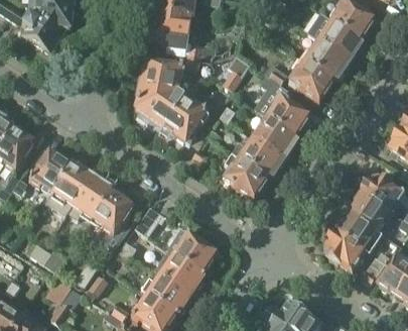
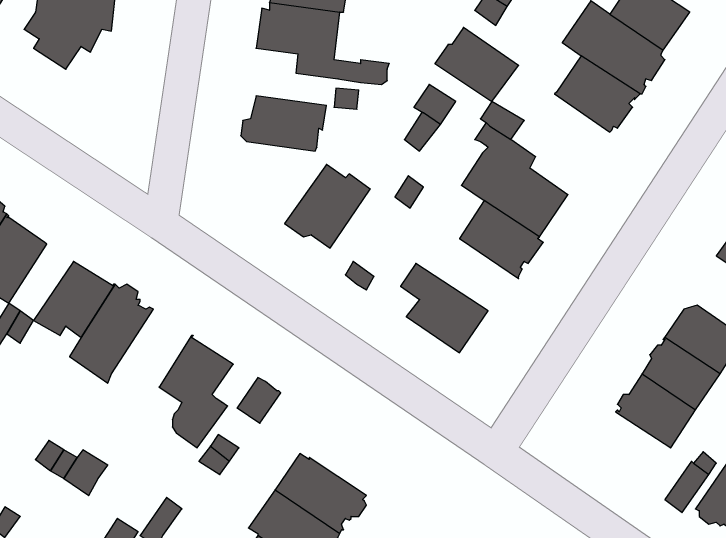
building: [288,61,332,100] -> [435,27,519,102]
building: [135,86,182,129] -> none
building: [230,137,284,176] -> none
building: [69,175,111,216] -> none
building: [167,227,217,273] -> none
building: [325,229,365,270] -> none

